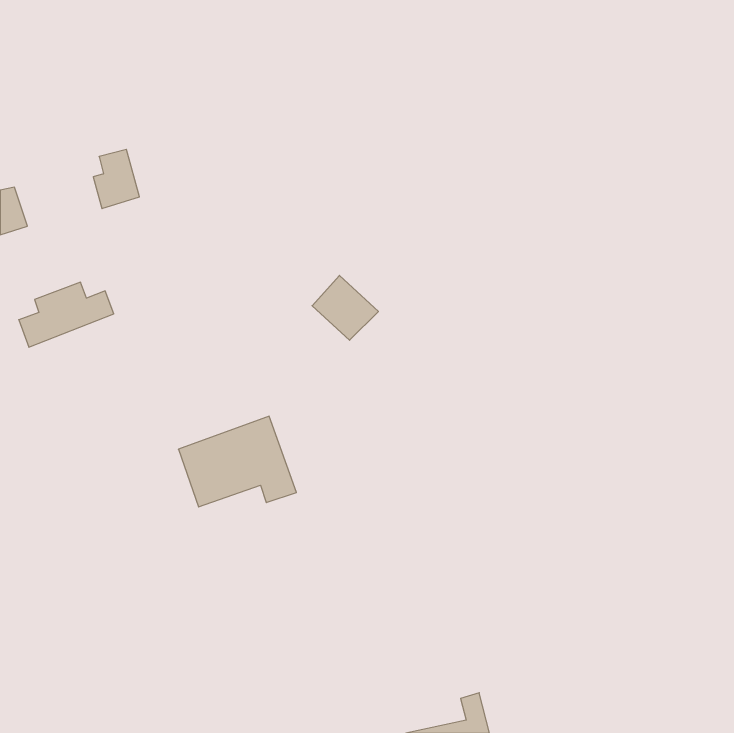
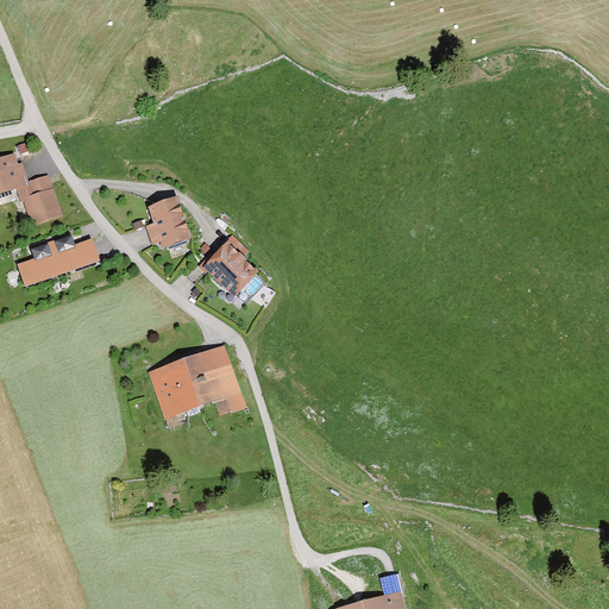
building: [93,149,139,209] -> [23,175,61,224]
building: none -> [145,197,190,247]
building: [312,275,378,340] -> [202,241,257,295]

